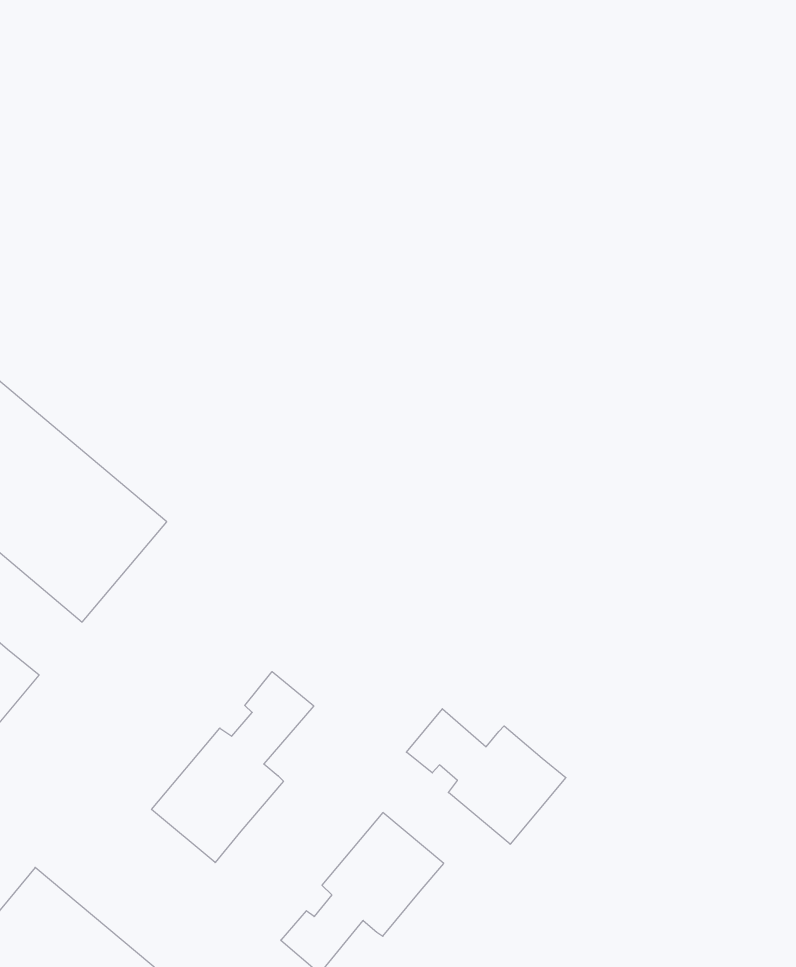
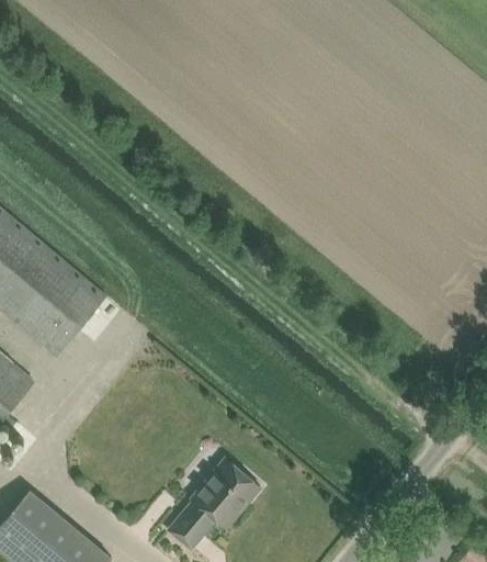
building: [152,672,314,863] -> none
building: [406,709,566,844] -> none

